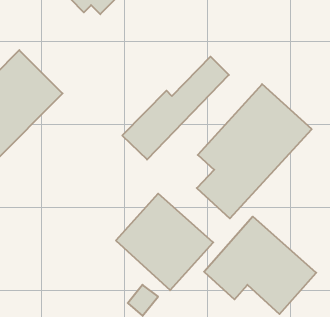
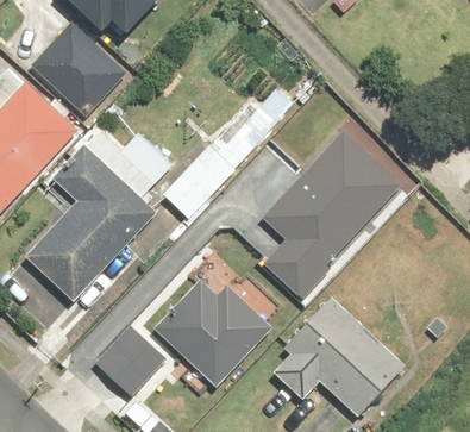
building: none -> [33,25,126,118]
building: none -> [25,129,170,302]
building: none -> [92,325,164,399]

